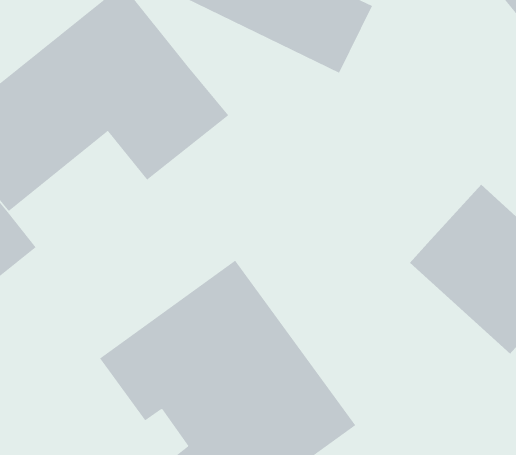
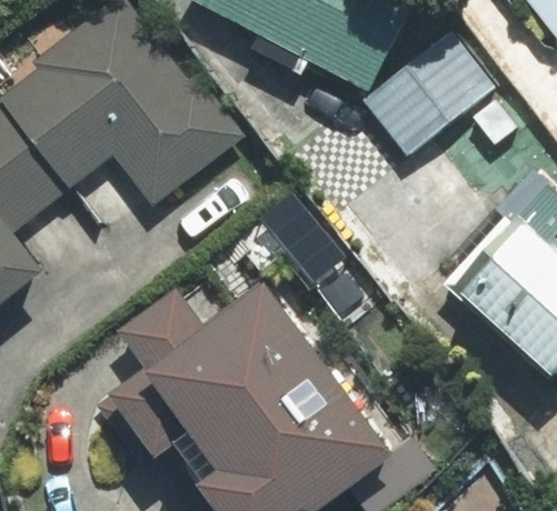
building: none -> [365,22,505,158]

